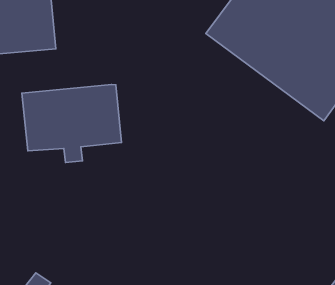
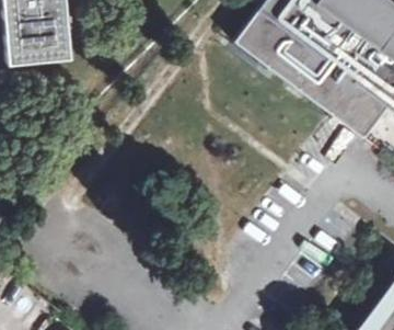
building: [22,85,122,163] -> none

